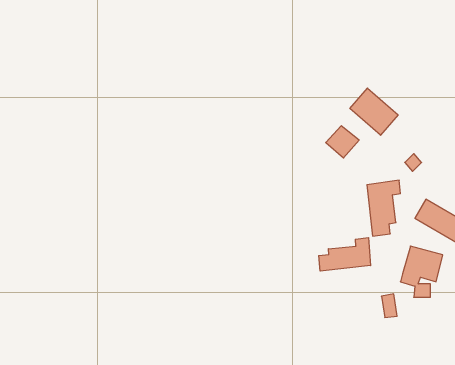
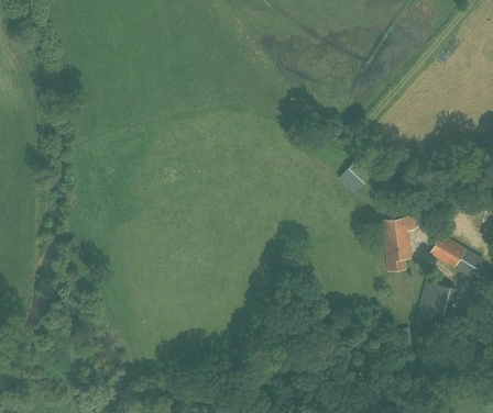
building: [350,88,398,135] -> none
building: [319,238,371,271] -> none

